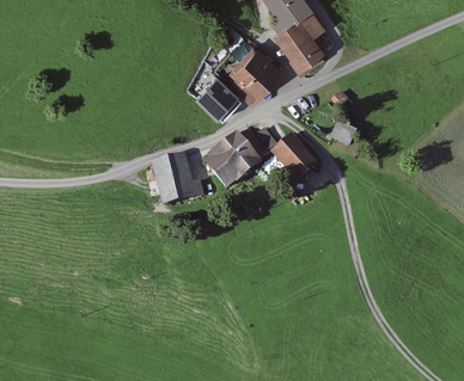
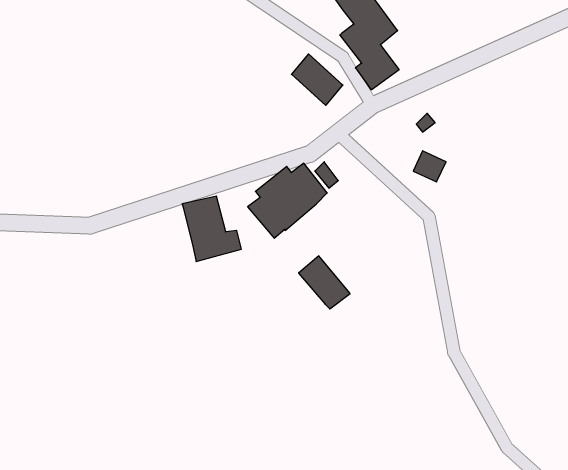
building: [228,60,265,99] -> none
building: [197,78,242,121] -> none
building: [274,136,313,177] -> [299,256,350,309]

